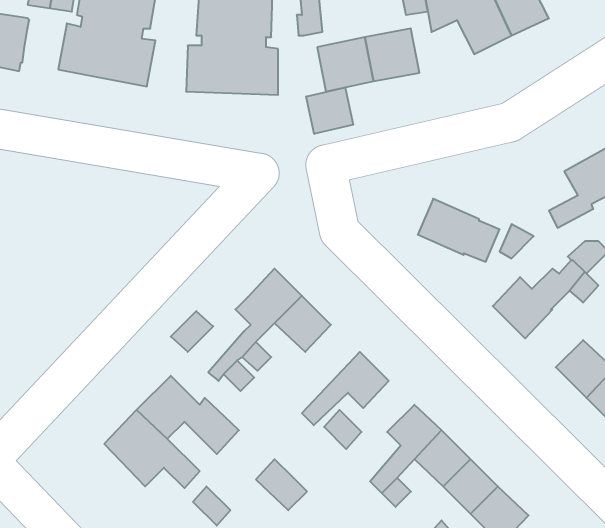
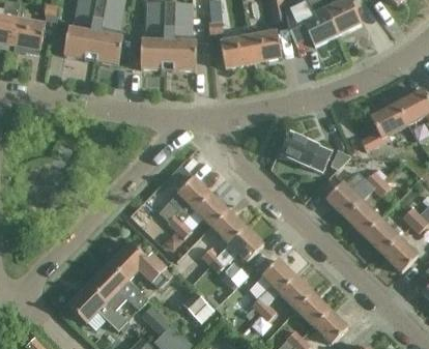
building: [306,87,353,134] -> none
building: none -> [346,200,381,235]
building: none -> [202,209,246,263]
building: none -> [68,282,127,328]

